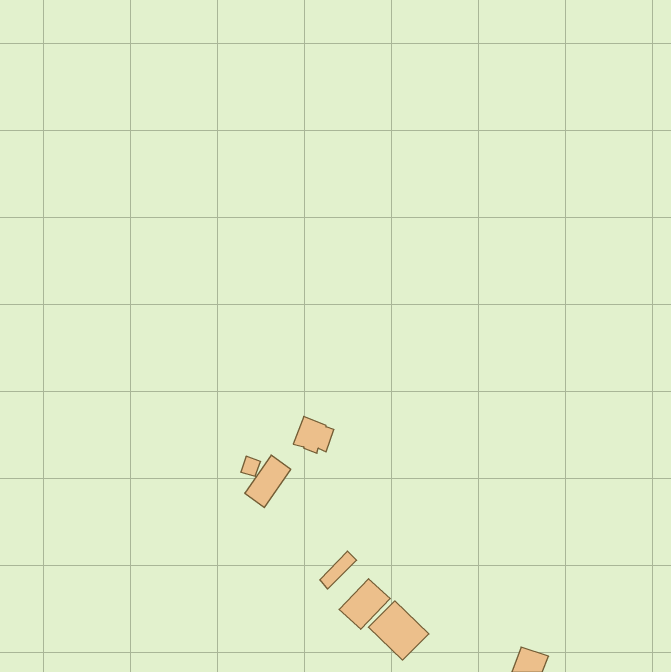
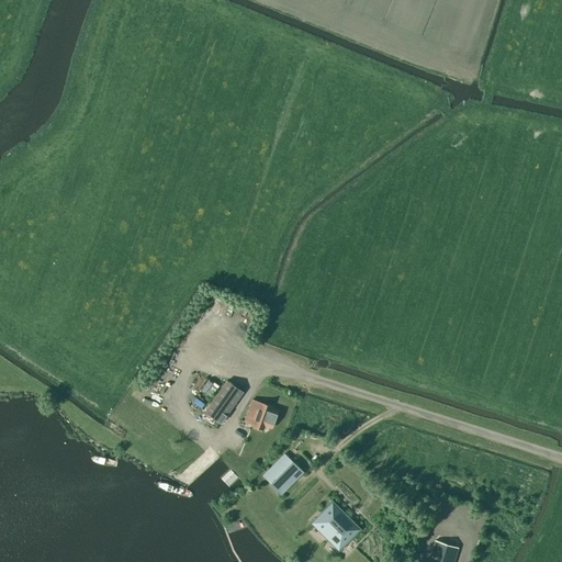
building: [293,416,334,453] -> [246,398,280,429]
building: [339,579,390,629] -> none

